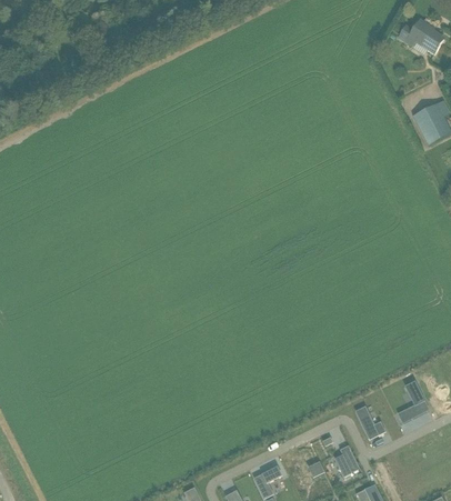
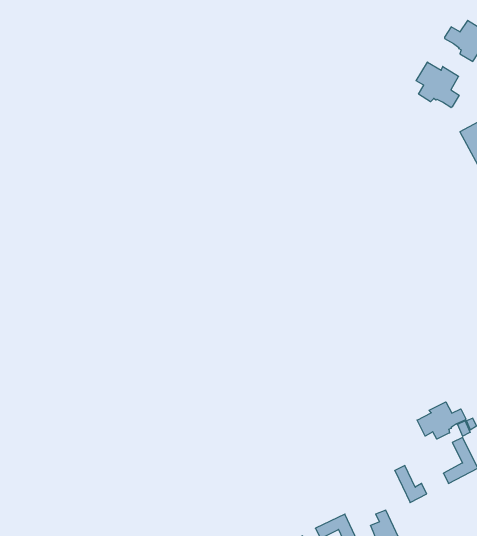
building: none -> [416,62,459,108]
building: none -> [417,402,466,439]

